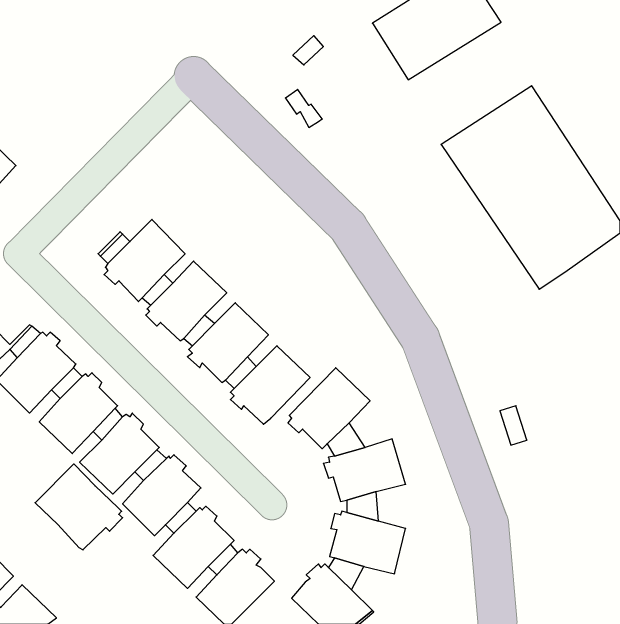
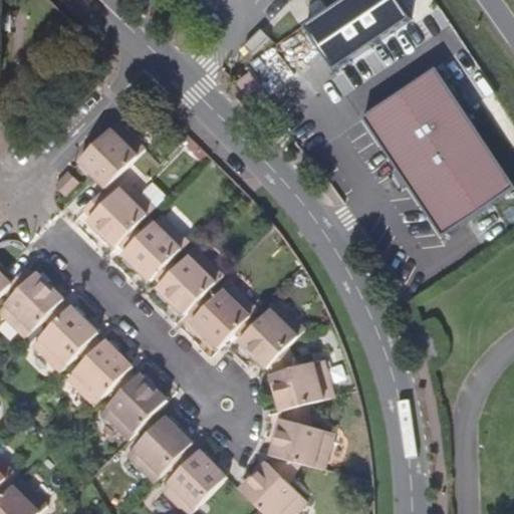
building: none -> [76,122,143,188]
building: [35,464,123,550] -> none

